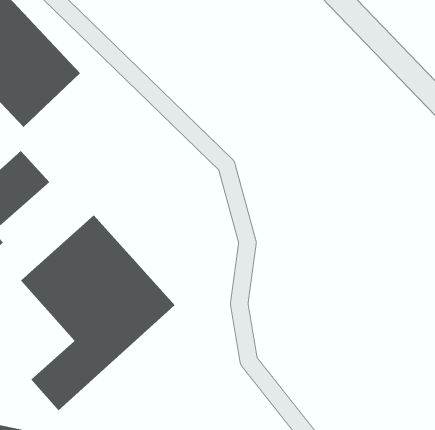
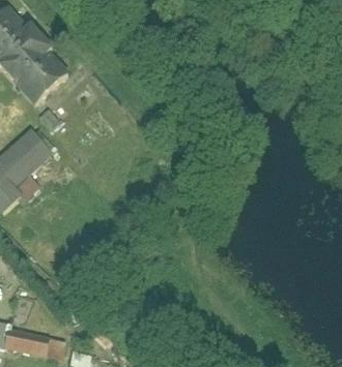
building: [20,215,176,411] -> none

